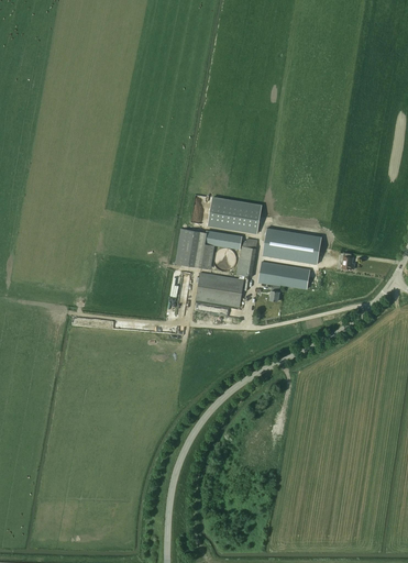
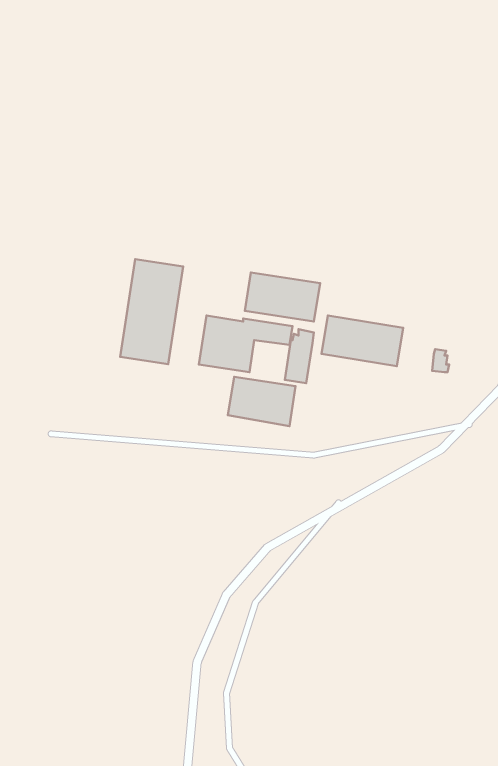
building: none -> [120,259,183,364]
building: [258,261,309,300] -> none

